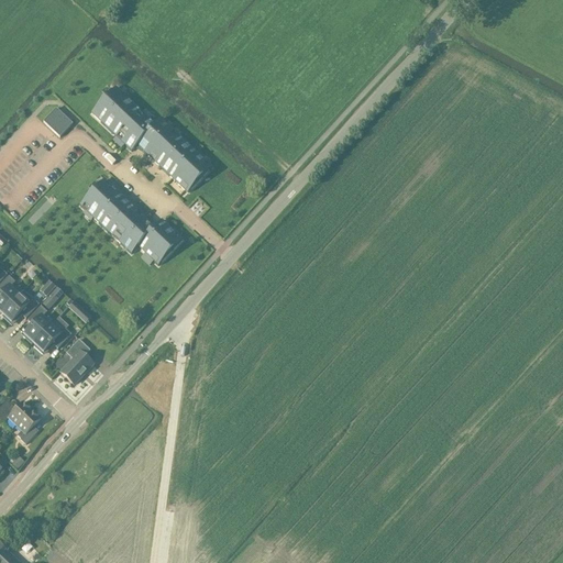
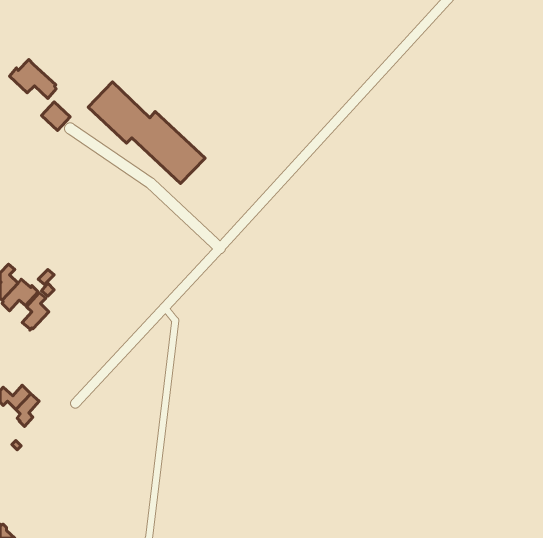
building: none -> [9,59,56,99]
building: [80,177,184,263] -> none
building: [34,321,71,352] -> none
building: [62,338,93,382] -> none

